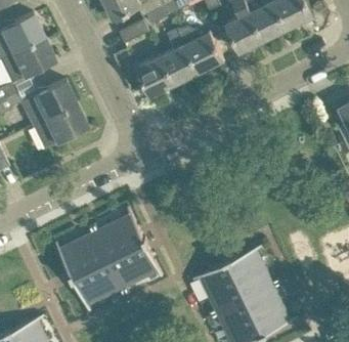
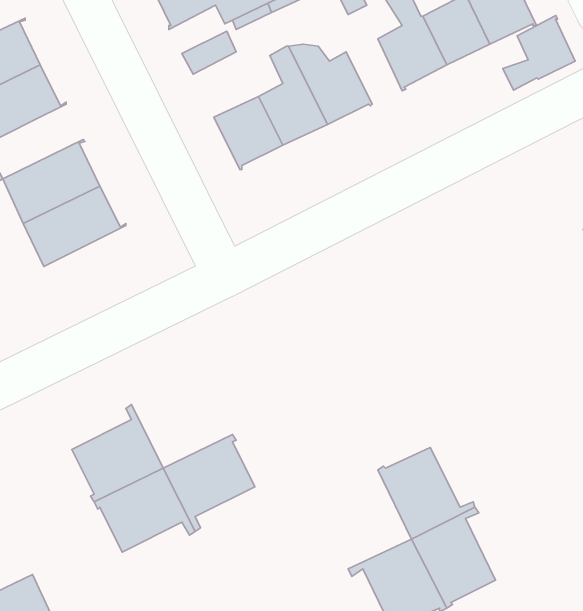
building: none -> [503,16,575,90]
building: [92,214,147,260] -> none
building: [200,261,246,315] -> none

